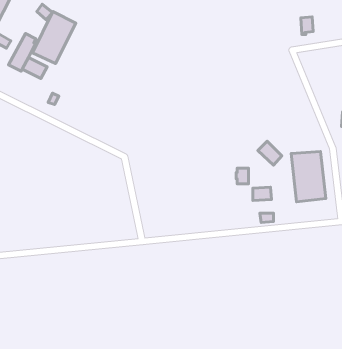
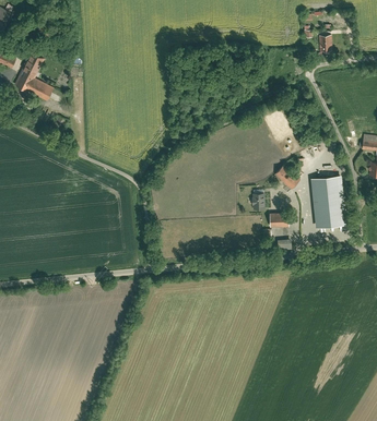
building: [32,12,76,63] -> none

